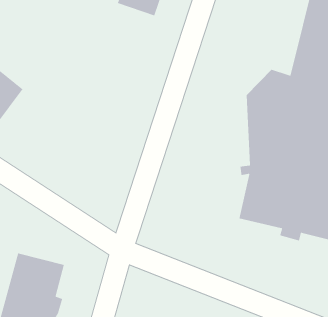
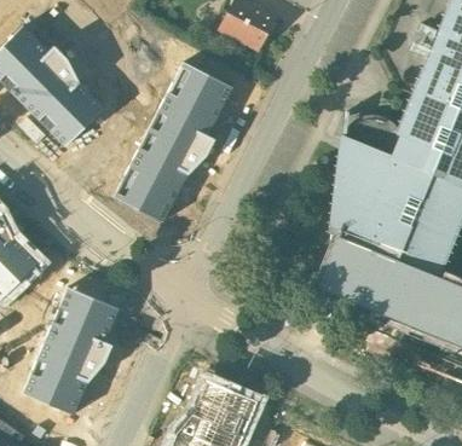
building: none -> [116,64,231,220]

